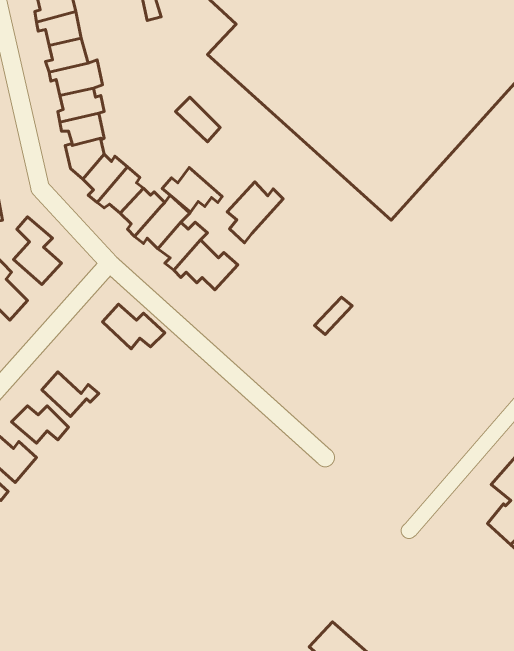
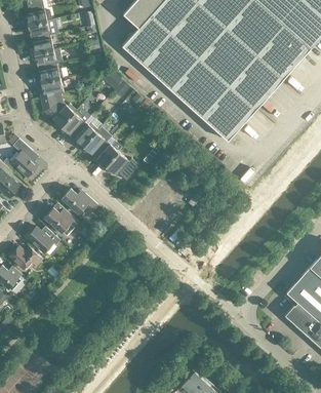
building: [162,167,222,212] -> none
building: [227,182,283,243] -> none
building: none -> [40,208,78,233]

